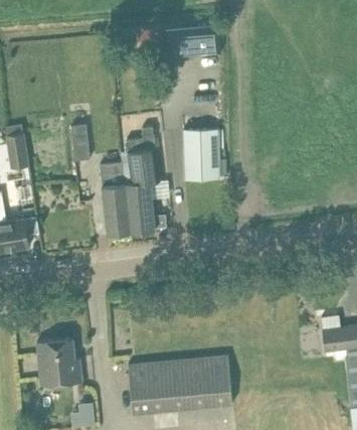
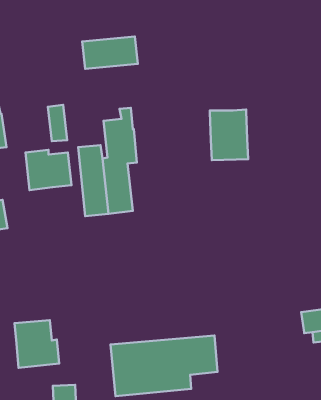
building: [165,27,220,59] -> [82,36,138,69]
building: [182,130,220,180] -> [210,109,248,160]
building: none -> [25,150,72,190]

